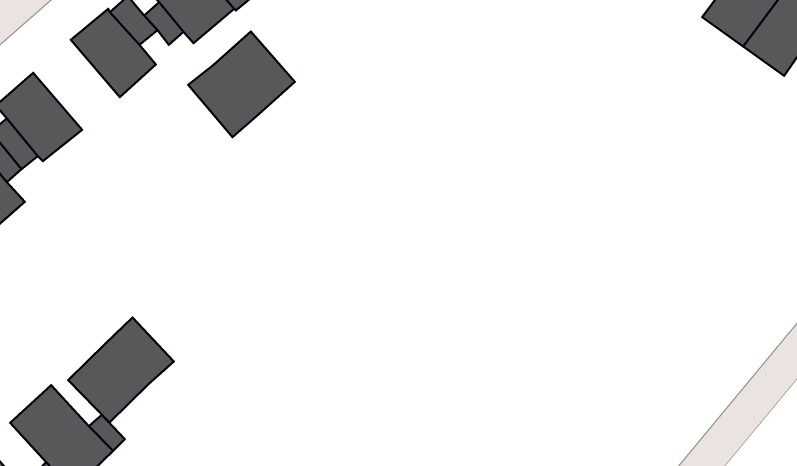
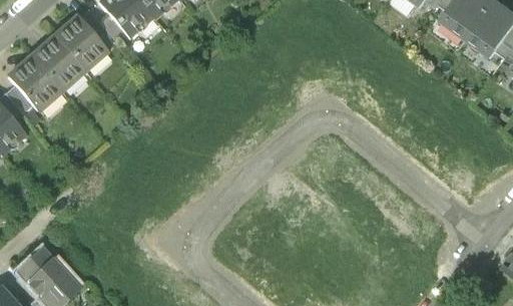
building: [188,31,295,137] -> none
building: none -> [31,35,84,90]
building: [68,317,174,423] -> none

